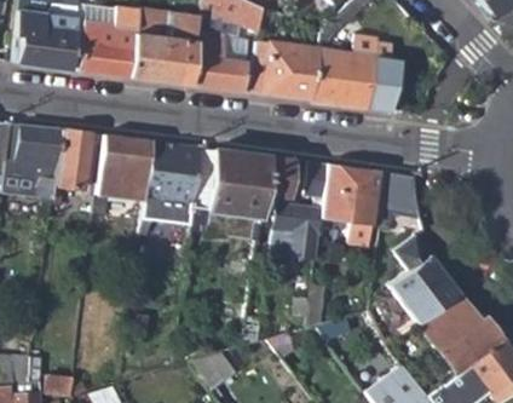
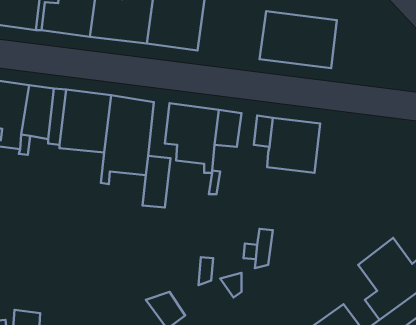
building: [253,42,319,100] -> none
building: [384,171,419,212] -> none
building: [273,200,322,257] -> none
building: [391,235,456,322] -> none

